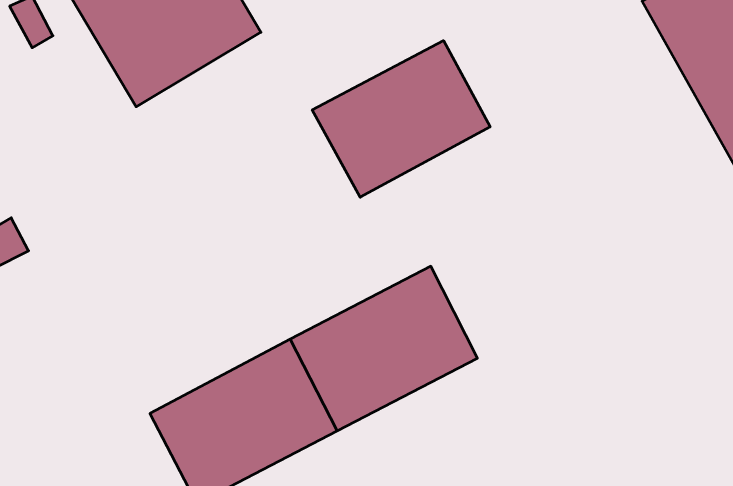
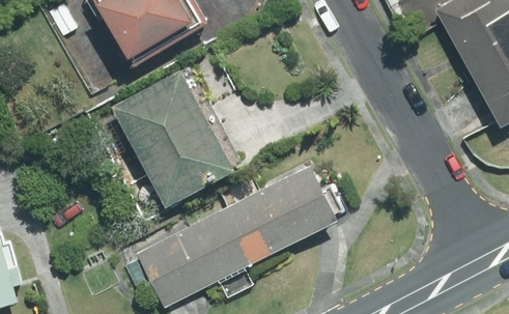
building: [312,41,490,197] -> none
building: none -> [108,69,232,208]

